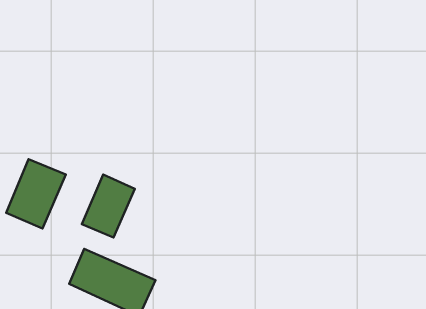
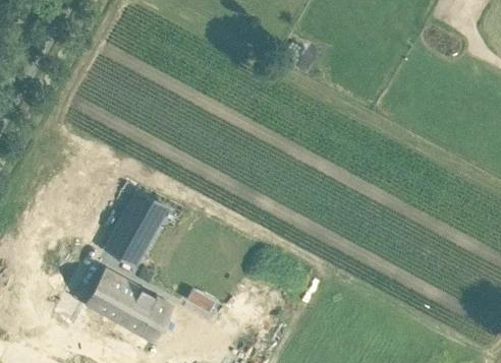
building: [6,159,66,229] -> none

